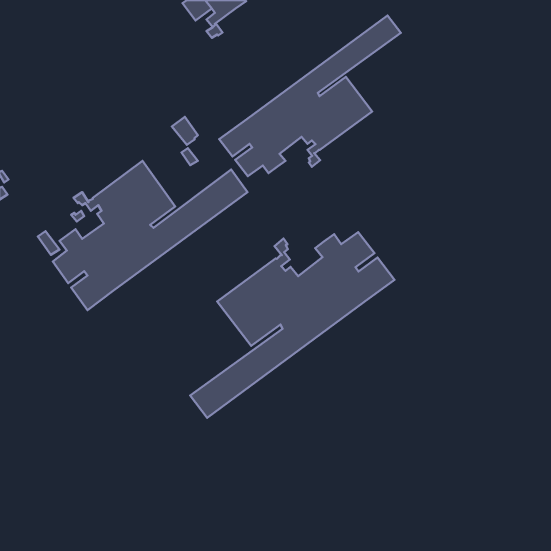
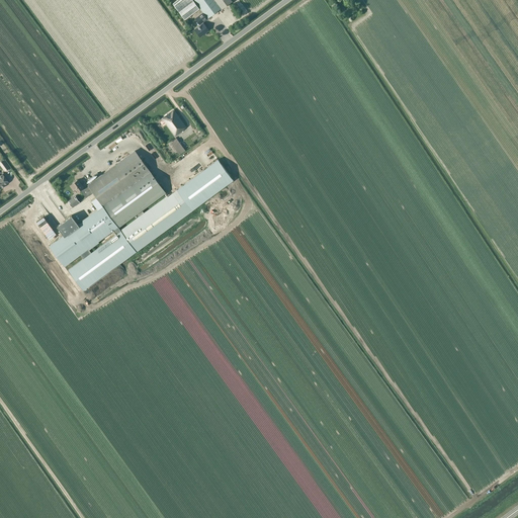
building: [219,15,401,176] -> none
building: [190,232,395,418] -> none

